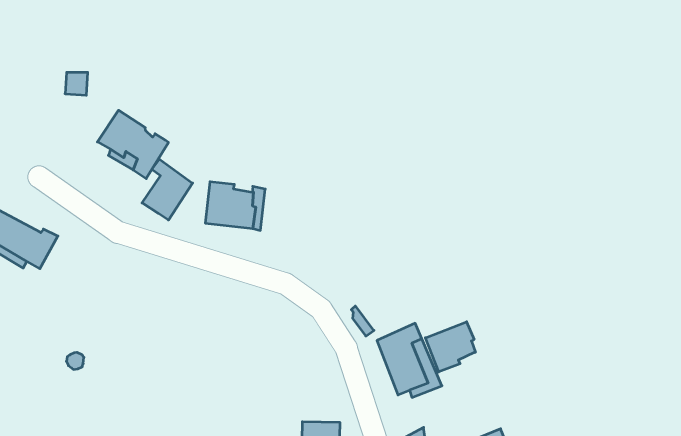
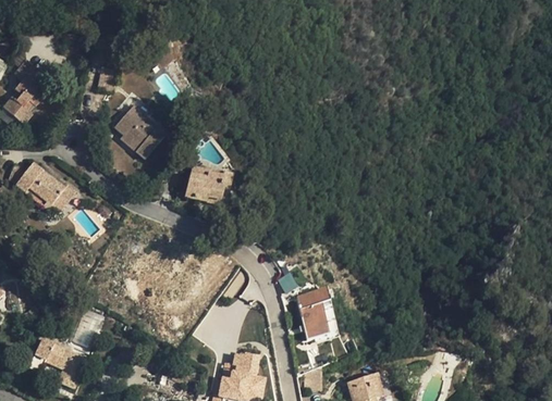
building: [142,159,193,220] -> none
building: [425,322,475,372] -> none

